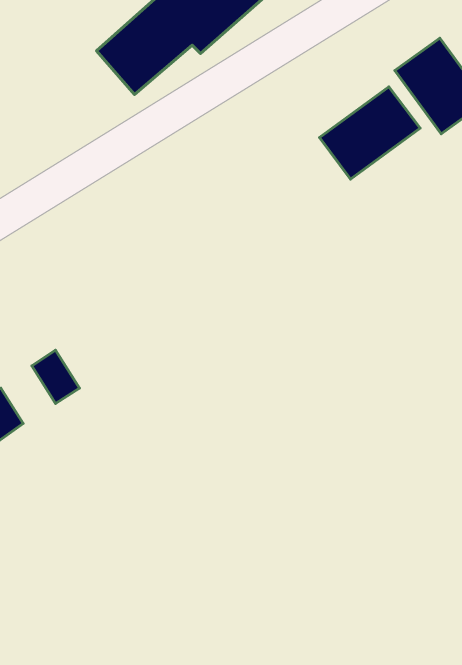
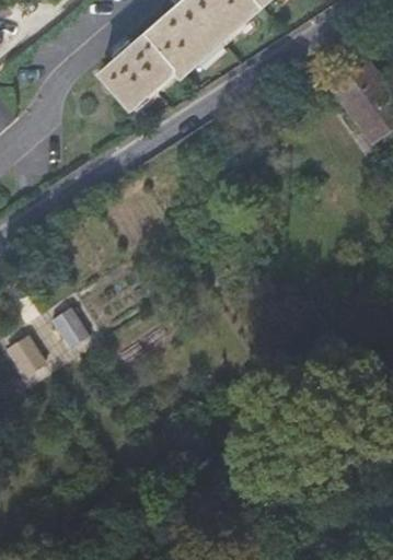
building: [319,87,420,179] -> none

